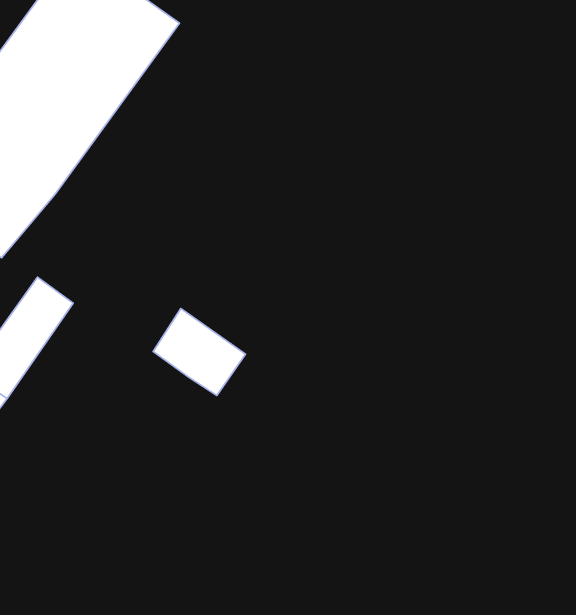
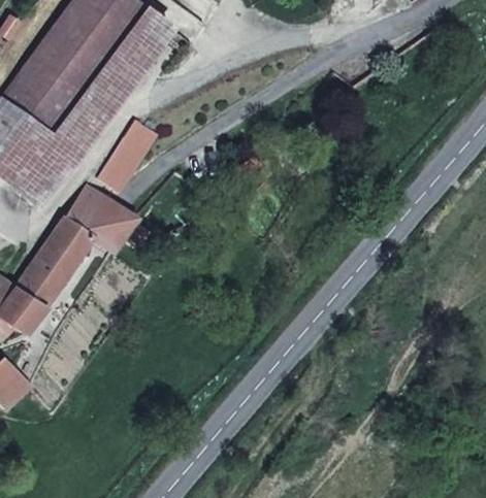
building: none -> [98,121,155,192]
building: [153,309,246,396] -> [65,187,134,252]

